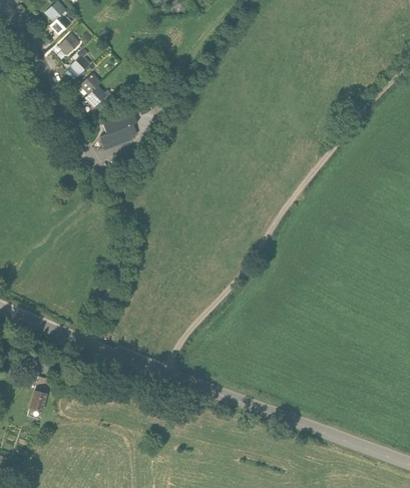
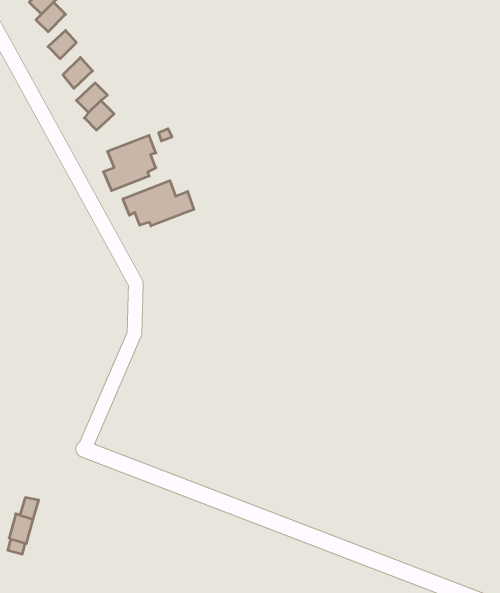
building: none -> [123,181,194,226]

